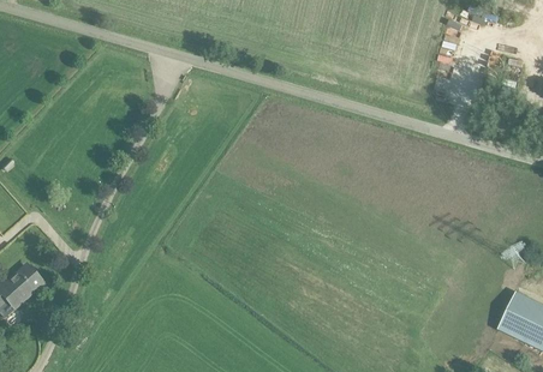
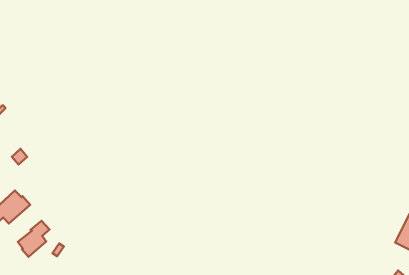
building: none -> [18,221,50,257]

